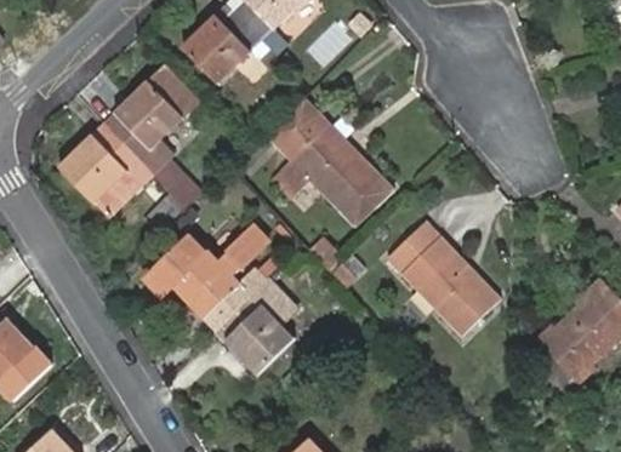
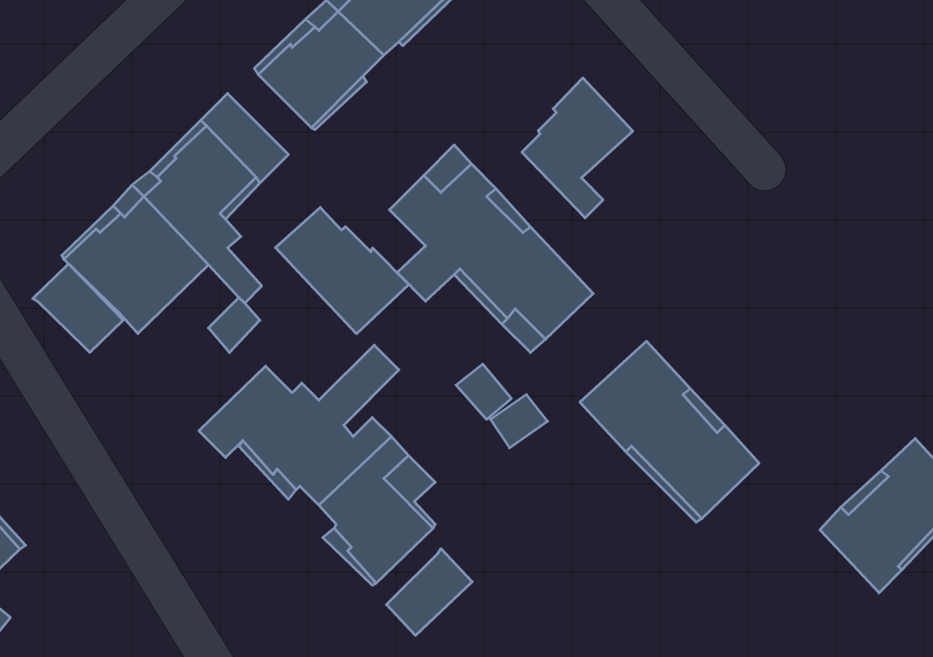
building: none -> [522,78,633,218]
building: none -> [275,207,409,334]
building: none -> [33,264,123,352]
building: none -> [386,549,472,635]

